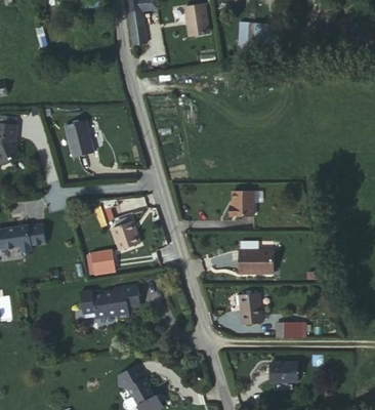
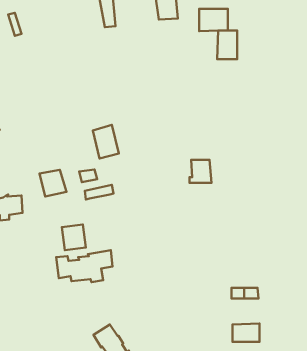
building: none -> [217,31,237,59]
building: [74,120,101,156] -> [93,125,119,158]
building: [116,224,144,253] -> [40,170,66,197]
building: [231,248,263,271] -> none
building: [235,292,258,322] -> none

